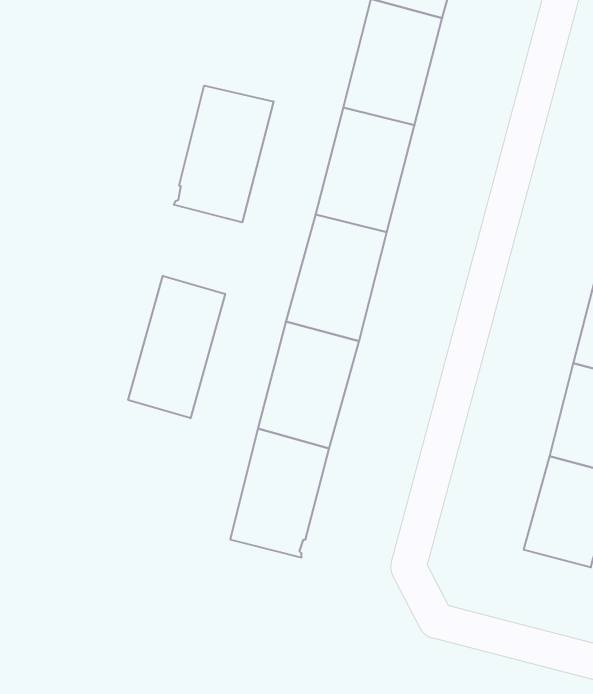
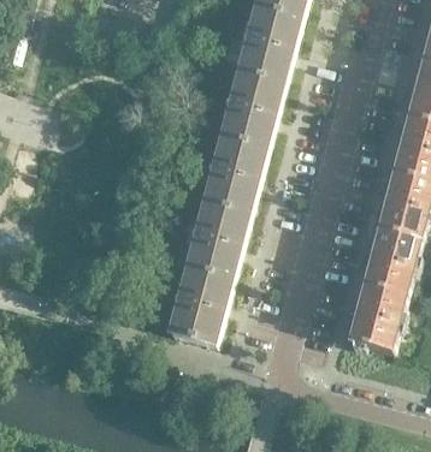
building: [174,86,274,222] -> none
building: [128,276,225,418] -> none

